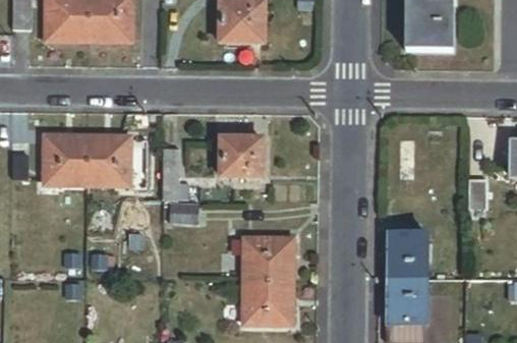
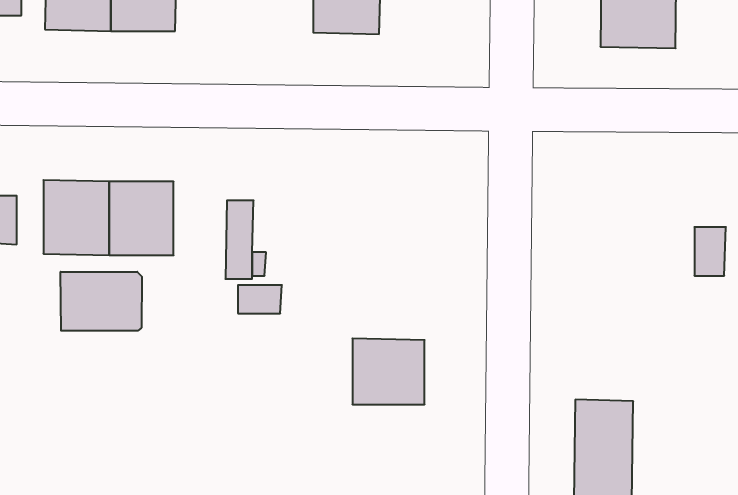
building: [221,137,261,176] -> none
building: none -> [61,272,142,331]
building: [389,233,427,279] -> none
building: [243,281,291,324] -> none

